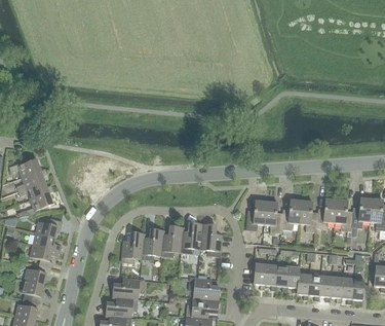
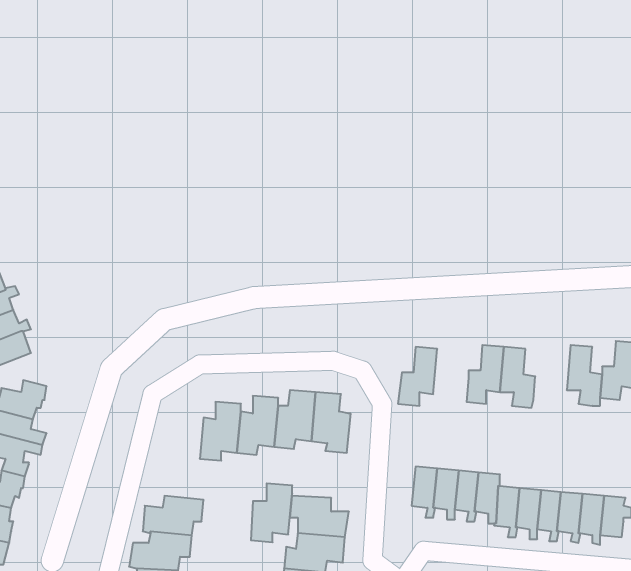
building: [316,197,336,228] -> none
building: [264,201,282,232] -> none
building: [122,231,144,262] -> [251,483,292,542]

